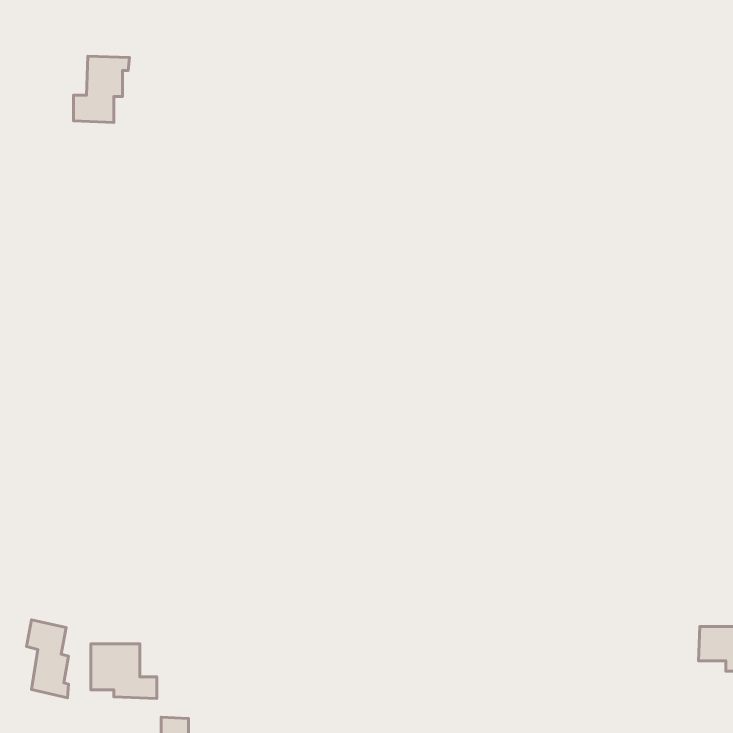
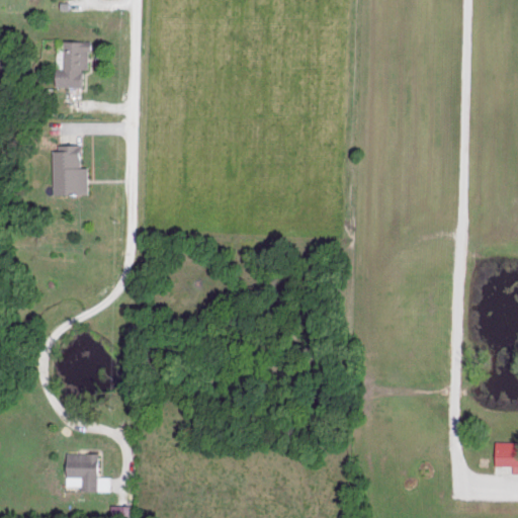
building: none -> [53,146,87,195]
building: [27,620,69,698] -> none

